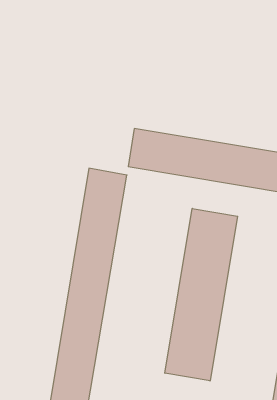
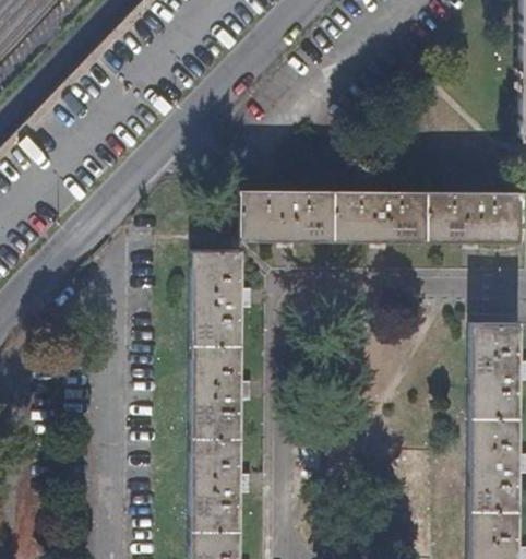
building: [165,208,238,381] -> none

